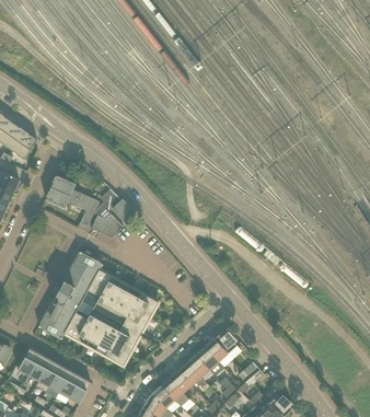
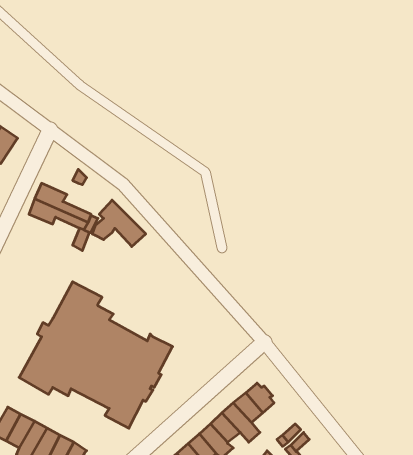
building: [92,213,124,239] -> none

